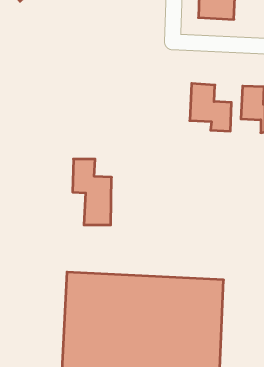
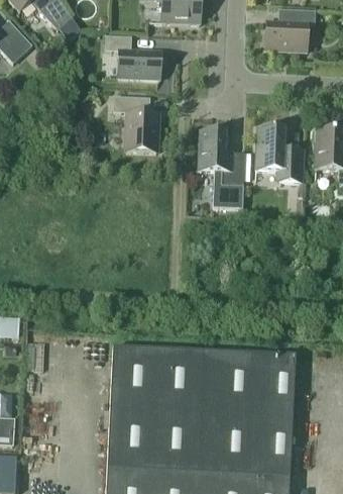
building: none -> [105,35,160,80]
building: none -> [113,96,158,153]
building: [73,159,112,225] -> [199,131,244,208]

